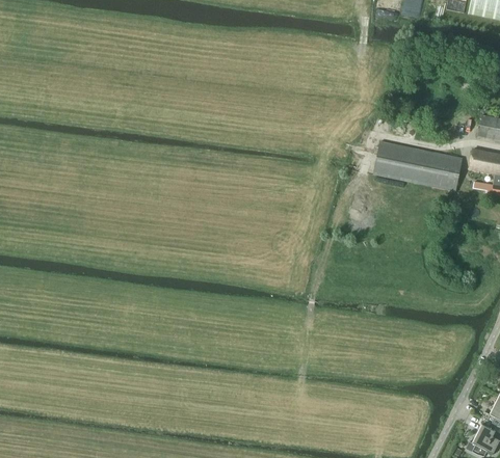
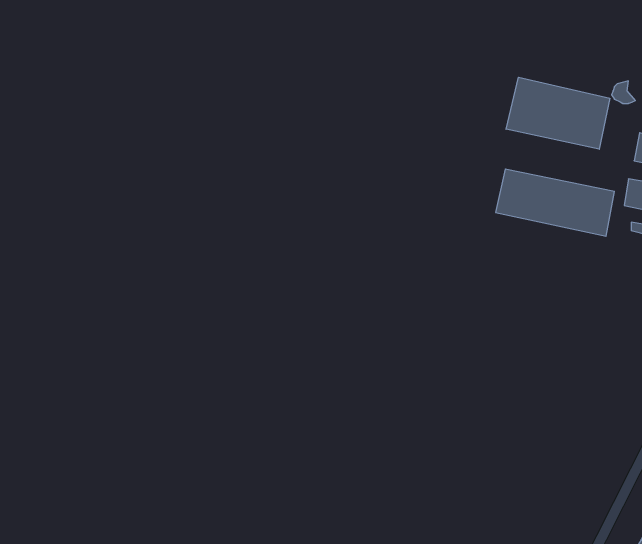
building: none -> [506,77,610,149]

